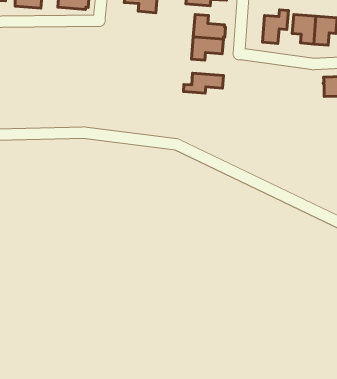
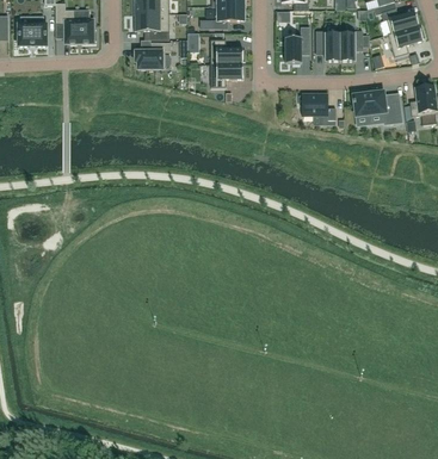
building: none -> [135,42,171,68]
building: none -> [300,92,335,119]
building: [183,73,224,93] -> none

